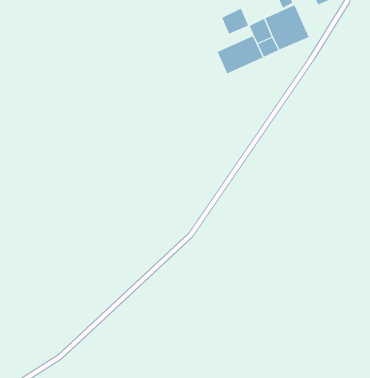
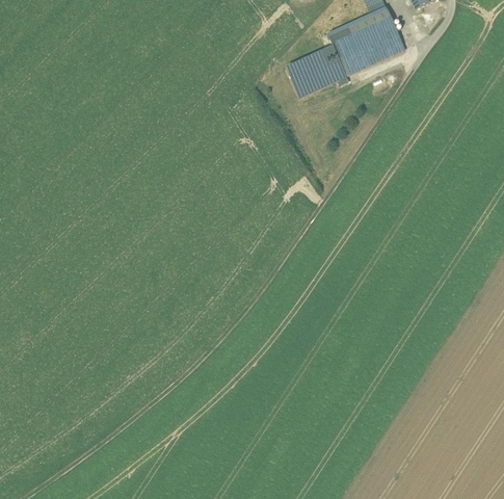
building: [222,8,249,35] -> none

